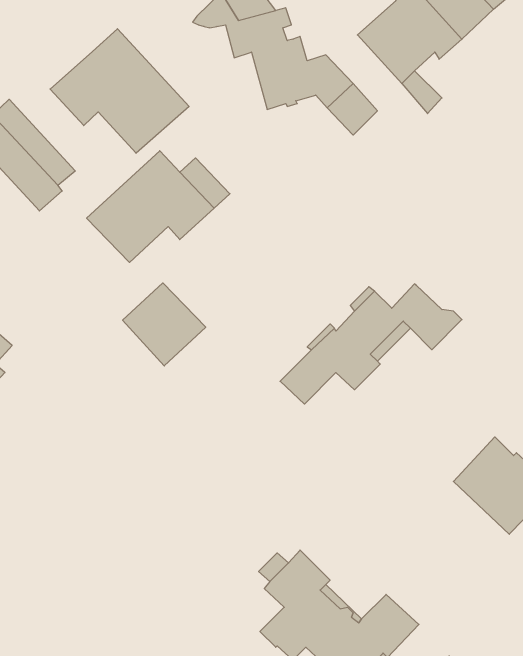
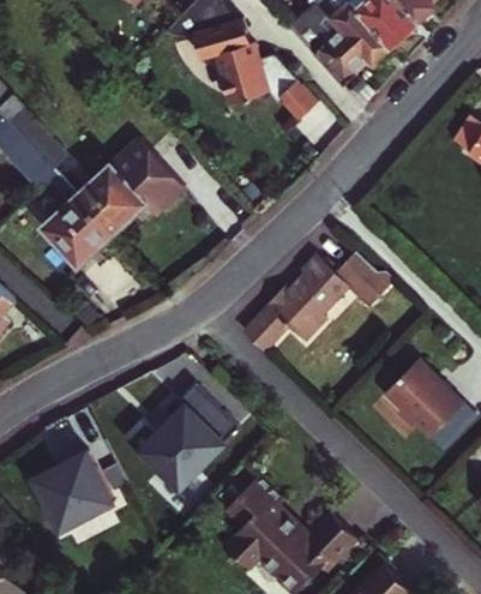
building: [50,29,189,153] -> none
building: [123,283,206,366] -> [44,196,114,265]
building: none -> [120,383,239,492]
building: none -> [25,442,116,534]

